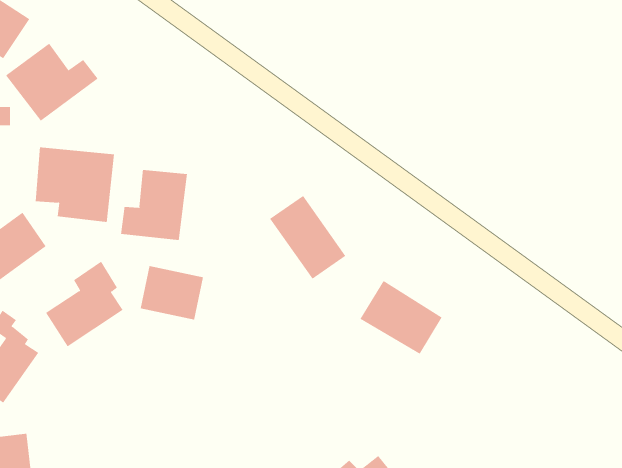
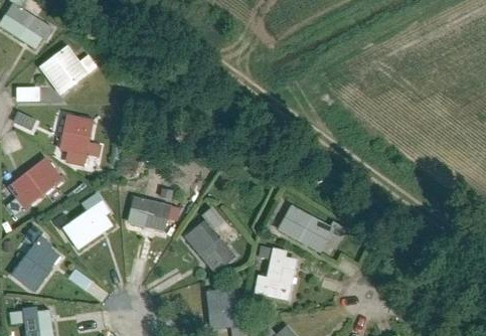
building: [121,169,188,241] -> none
building: [269,195,346,280] -> [182,219,234,277]
building: none -> [252,244,299,299]
building: none -> [203,286,236,326]

